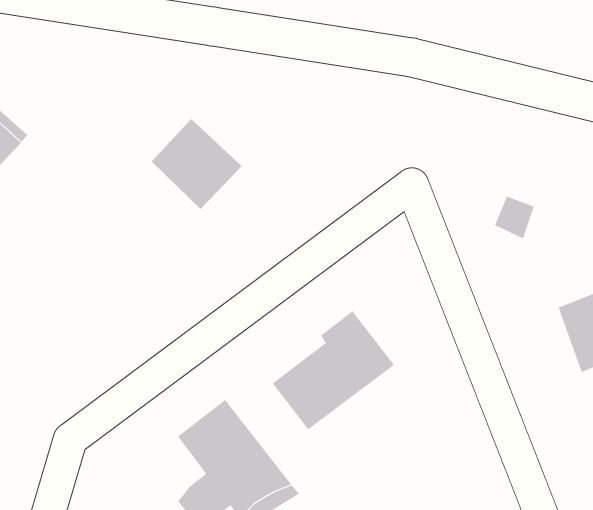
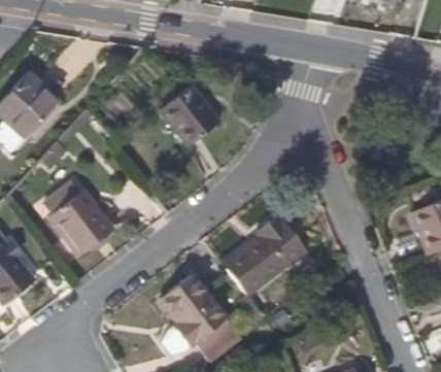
building: none -> [47,188,117,260]

